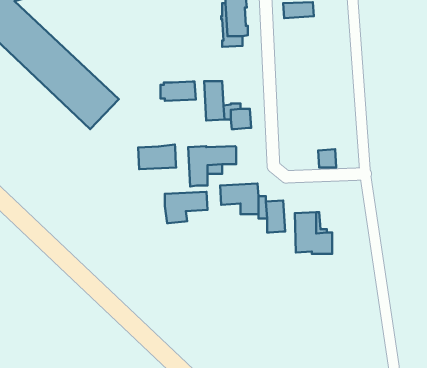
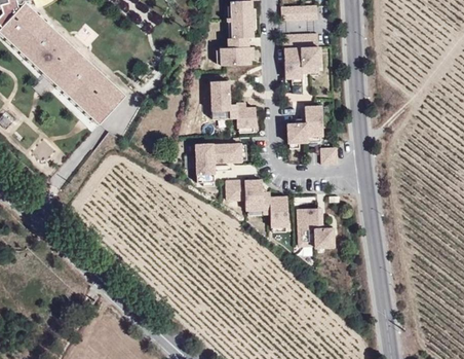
building: none -> [284,33,323,77]
building: [161,82,196,101] -> [217,46,250,65]
building: none -> [287,105,323,142]
building: [138,144,176,169] -> none
building: [165,192,207,223] -> none

